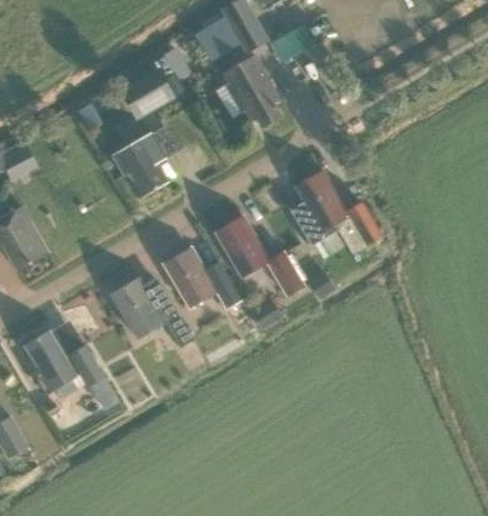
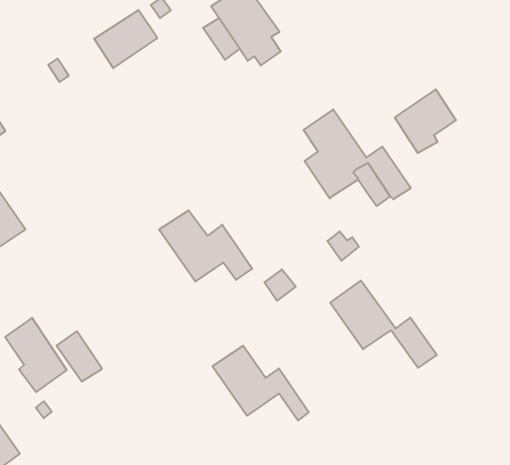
building: [113,132,167,194] -> none
building: none -> [395,89,456,153]
building: [216,216,304,294] -> [330,281,437,368]
building: [111,276,191,344] -> [212,346,309,420]

